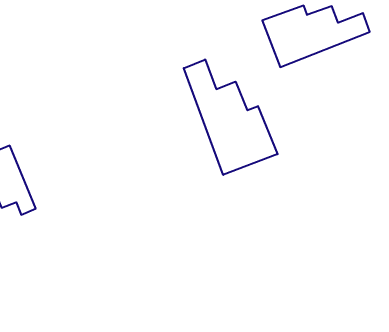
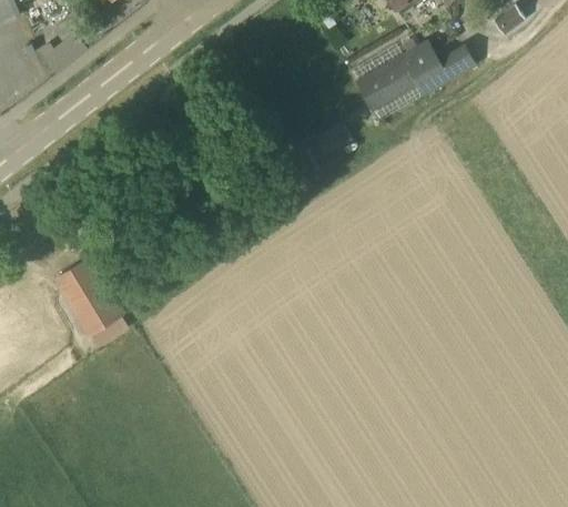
building: [184,59,278,175] -> none

